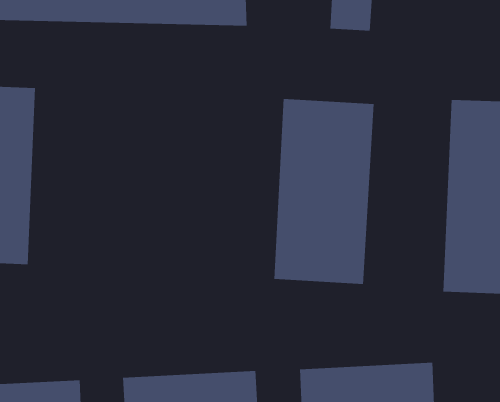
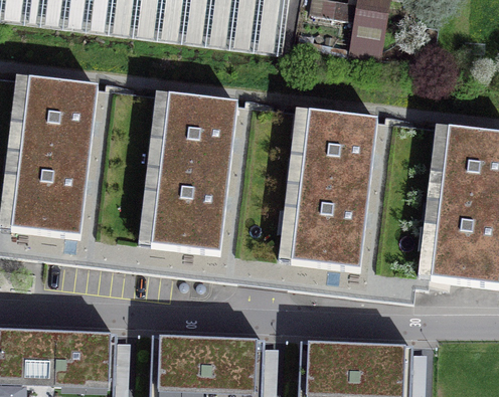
building: none -> [152,94,240,248]

